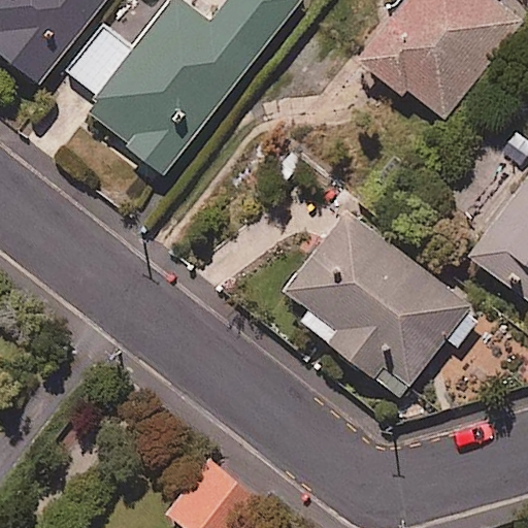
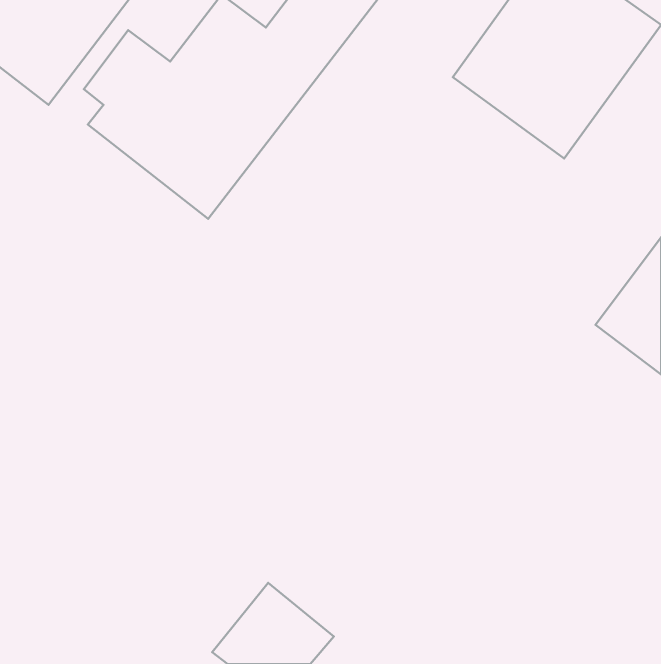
building: [290,212,480,398] -> none

